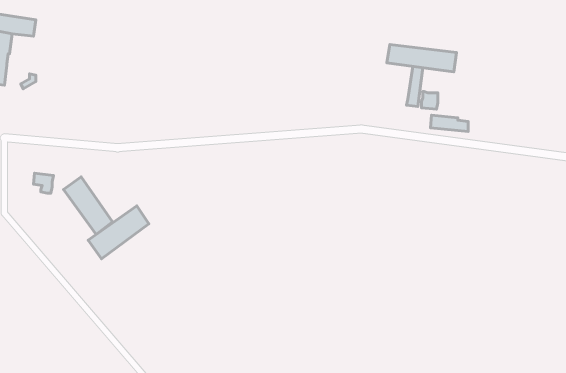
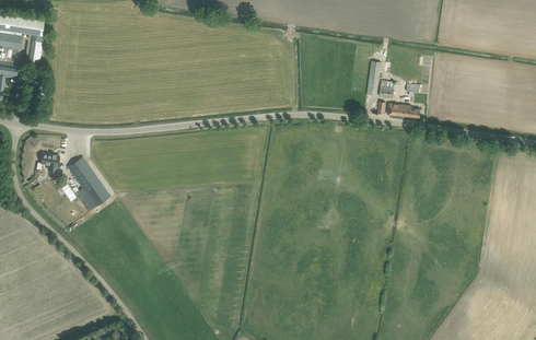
building: [387,45,456,72] -> none
building: [88,206,149,259] -> none

